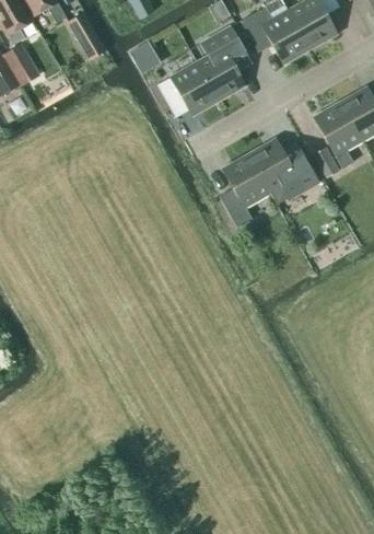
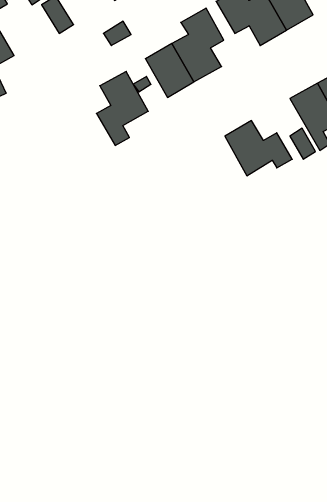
building: [220,153,271,227] -> [96,71,148,145]

